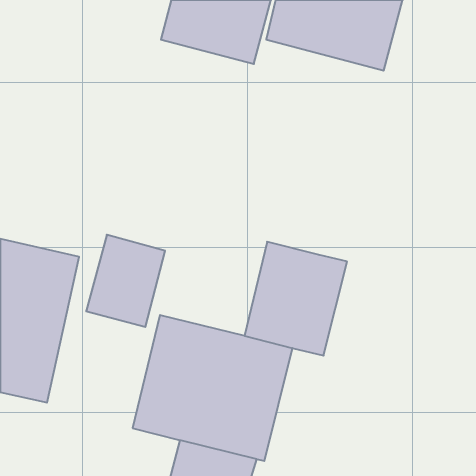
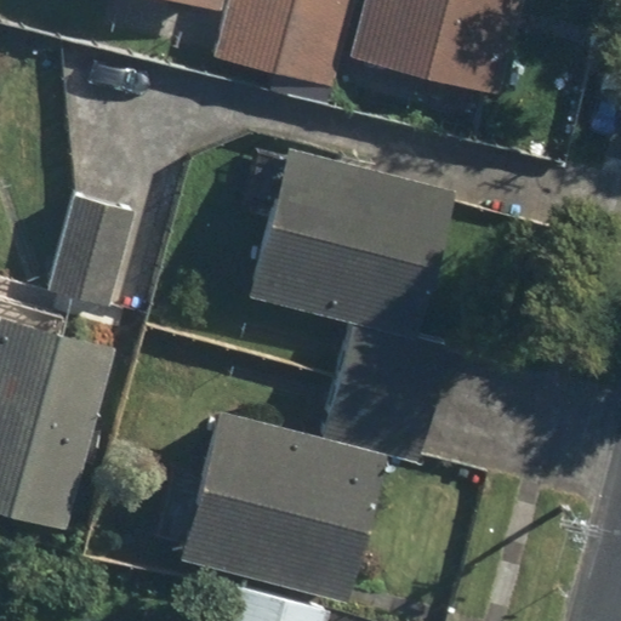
building: none -> [240,147,452,335]
building: [86,235,165,327] -> [46,192,148,310]

